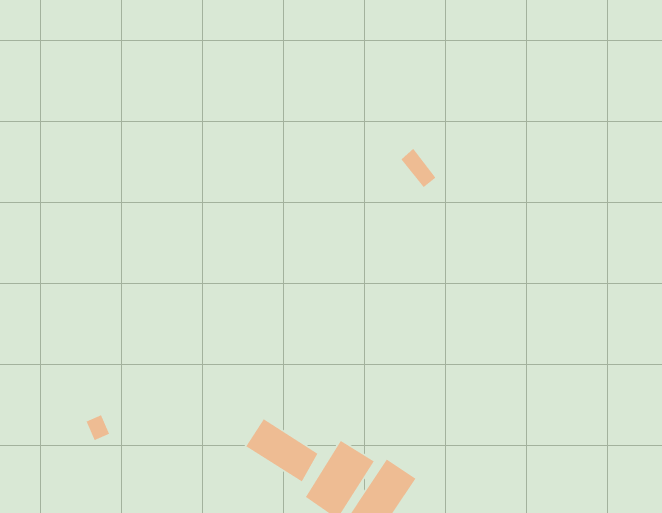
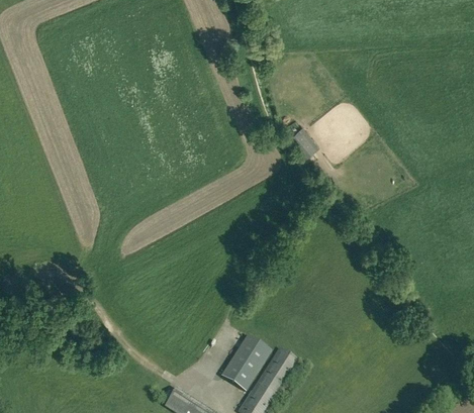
building: [245,418,319,483] -> none

